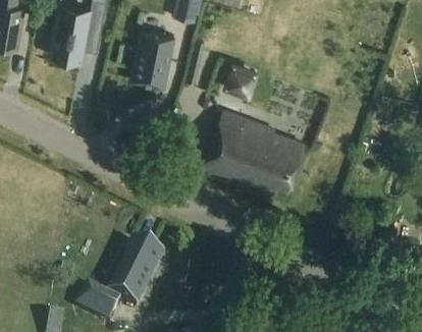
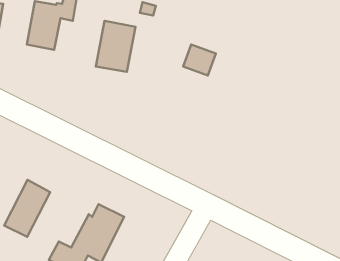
building: [201,108,301,192] -> none
building: none -> [4,180,50,237]

